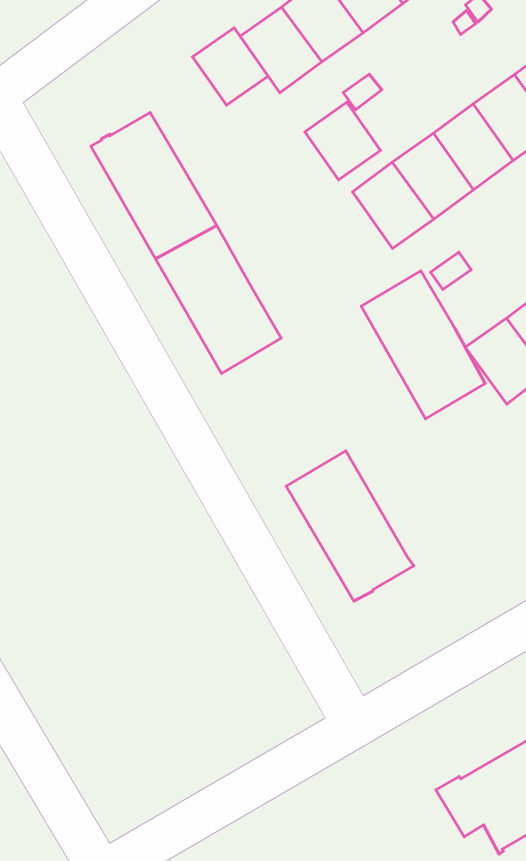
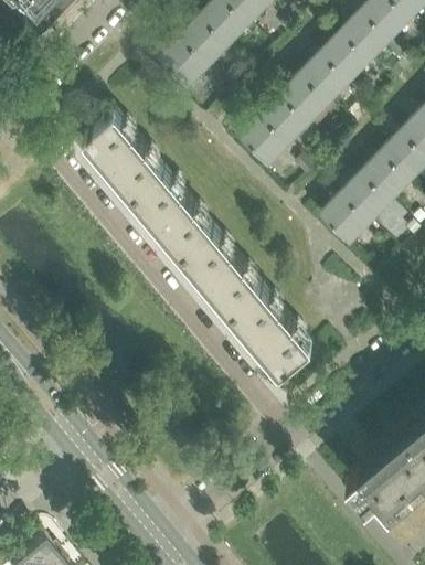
building: [193,28,268,105] -> none
building: [305,102,381,180] -> none
building: [361,271,485,419] -> [176,234,255,319]

